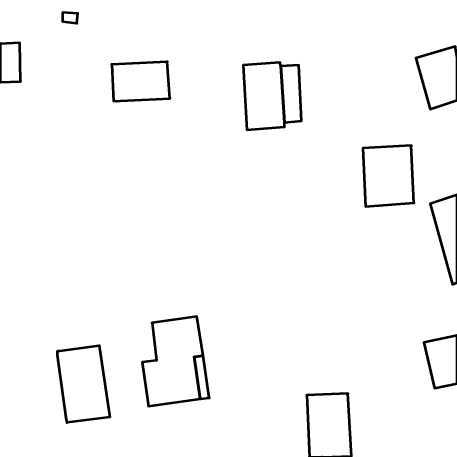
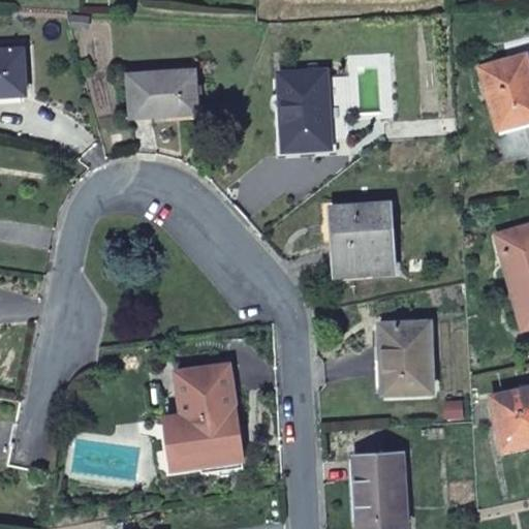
building: [363,146,414,206] -> [333,205,392,275]
building: none -> [380,323,432,393]
building: [57,346,110,423] -> none

